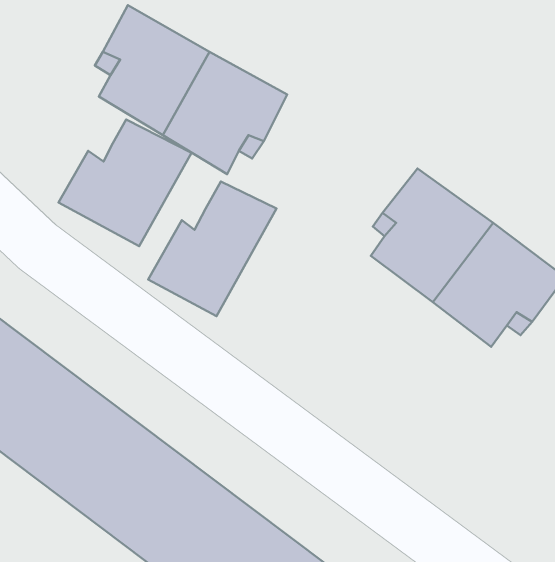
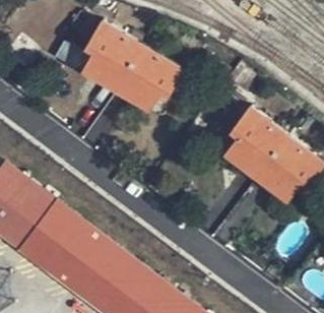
building: [59,120,192,246] -> none
building: [148,181,276,316] -> none

